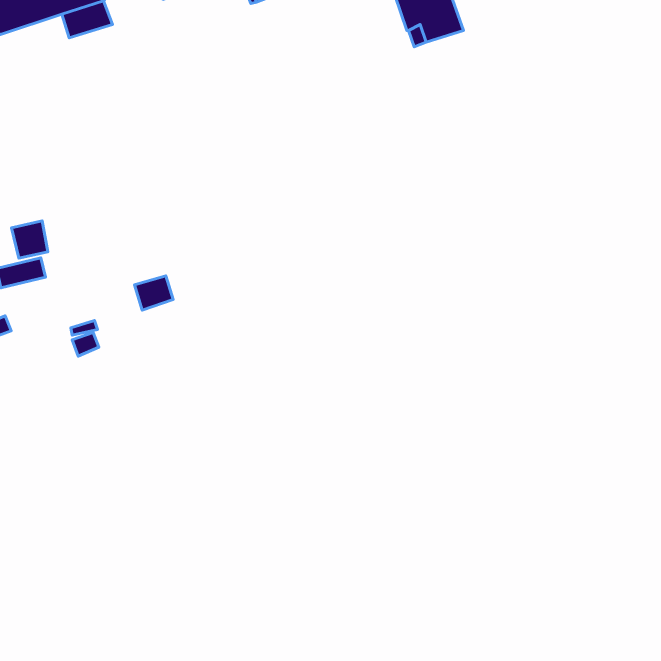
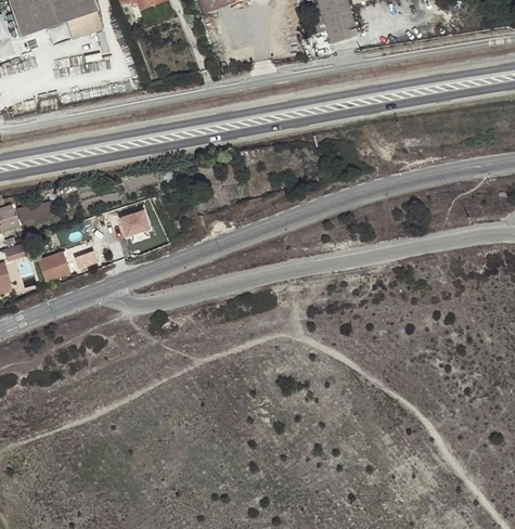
building: [12,221,48,258] -> none
building: none -> [37,249,70,280]

